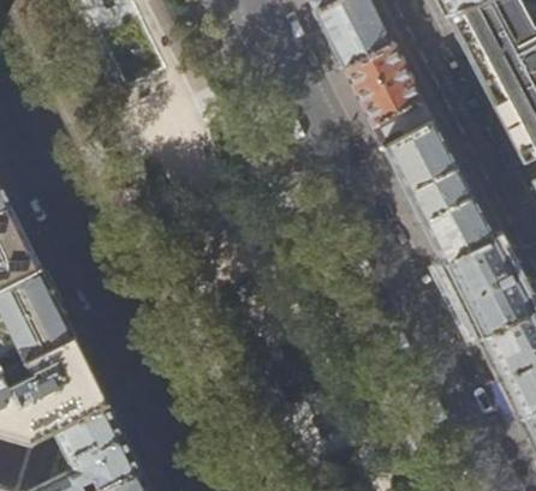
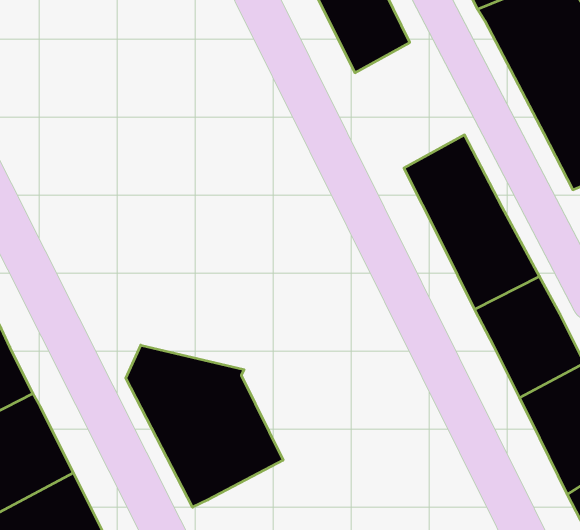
building: [340,43,431,149] -> none
building: none -> [126,345,283,507]

